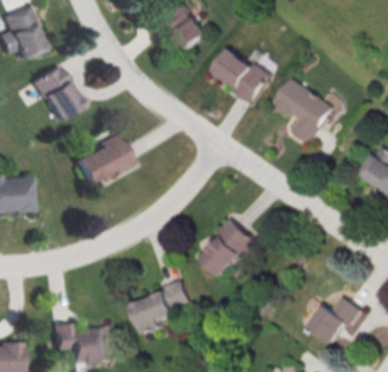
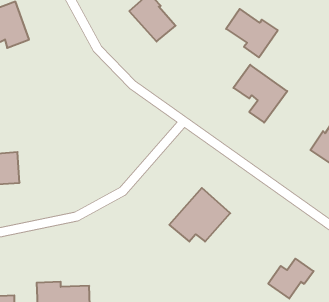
building: [212,50,270,105] -> [226,9,278,57]
building: [30,65,77,120] -> none
building: [70,134,130,184] -> none
building: [130,279,193,336] -> none

